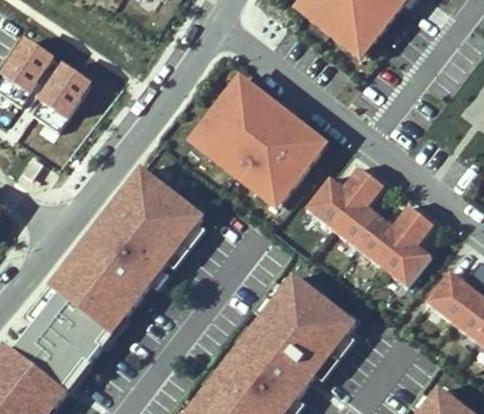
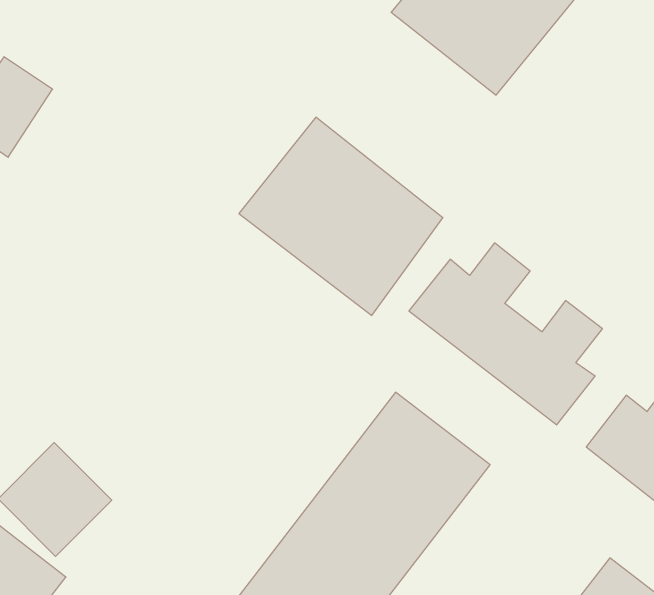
building: [36,70,100,137] -> none
building: [47,164,206,334] -> none

